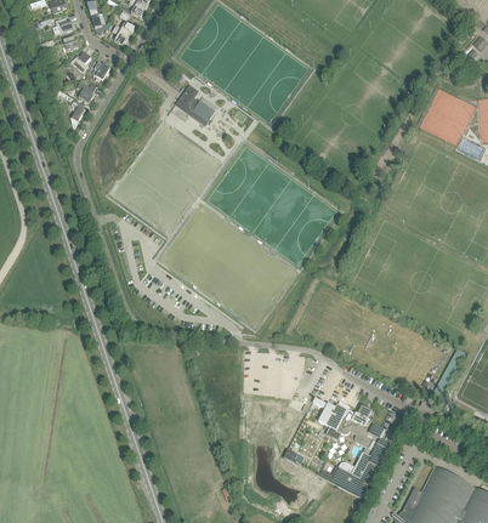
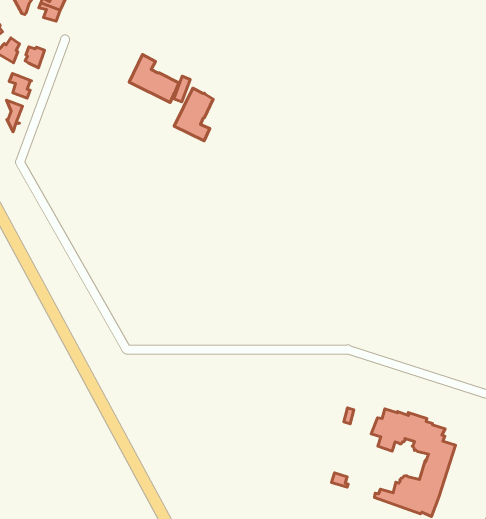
building: none -> [174,88,213,141]

